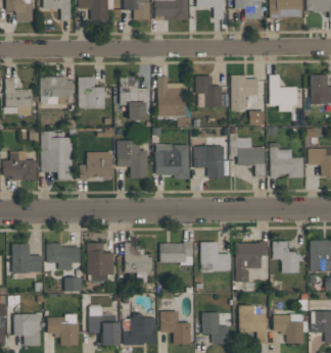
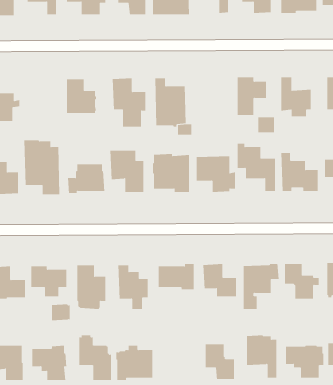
building: [40,77,74,104] -> none
building: [196,77,223,107] -> none
building: [161,311,191,345] -> none

